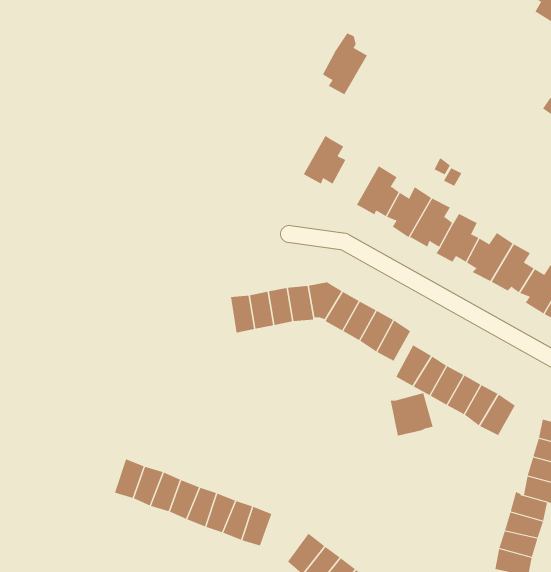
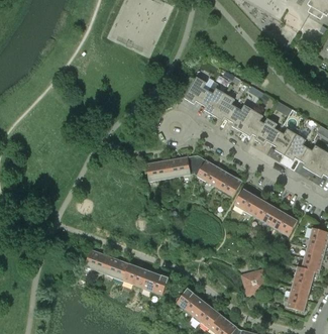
building: [322,33,368,95] -> [200,81,224,114]
building: [390,393,433,436] -> [242,270,265,294]

